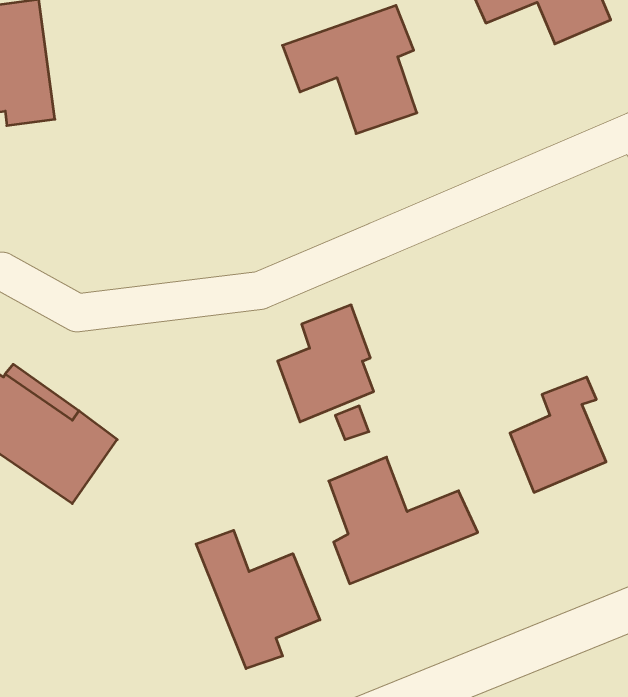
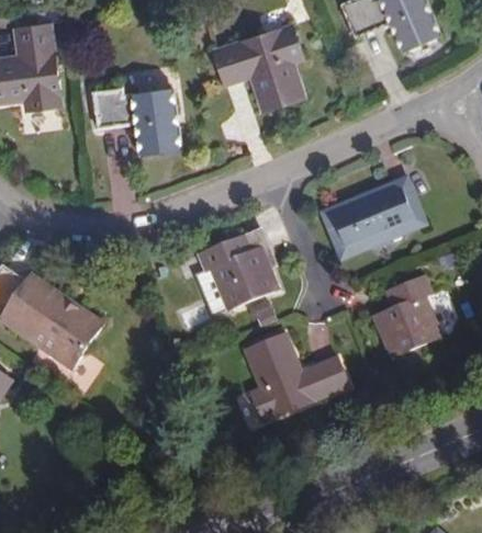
building: none -> [92,90,180,156]
building: none -> [327,182,422,254]
building: [196,530,320,669] -> none

